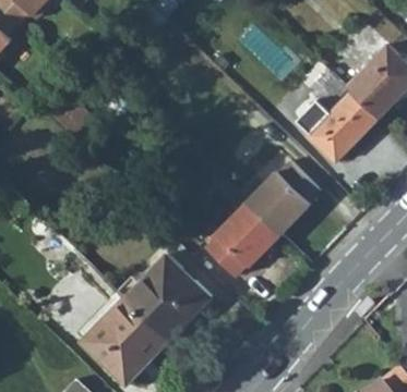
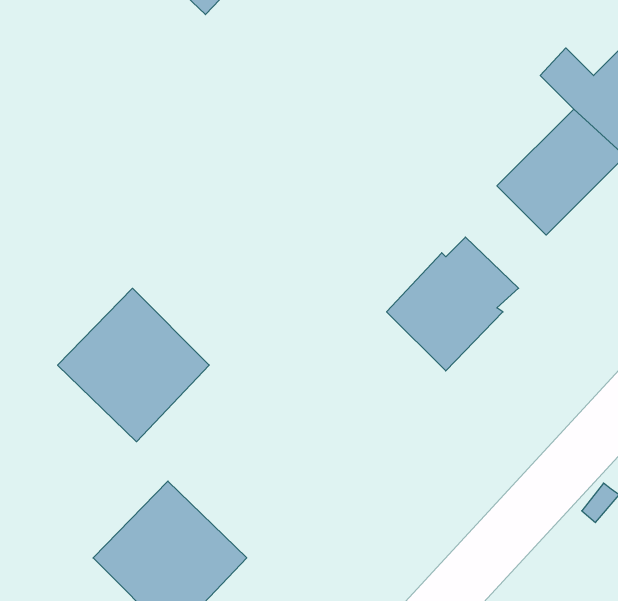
building: [206,203,278,275] -> none
building: [124,254,208,339] -> [58,288,209,442]

